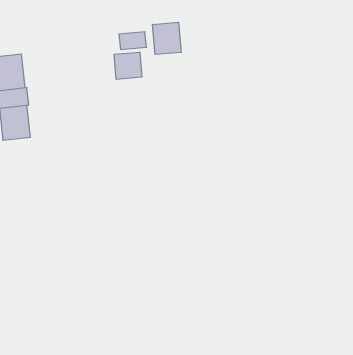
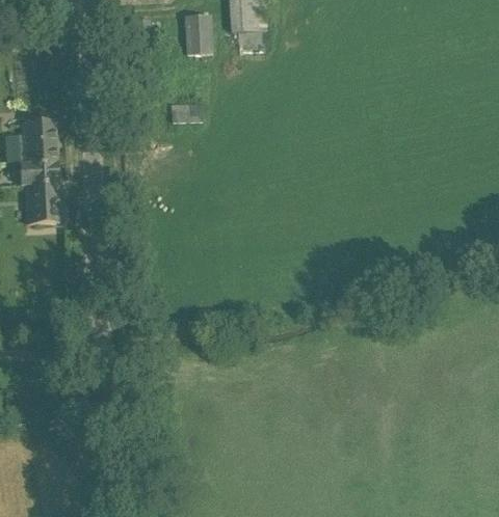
building: [153,22,181,54] -> none
building: [114,52,142,79] -> none

